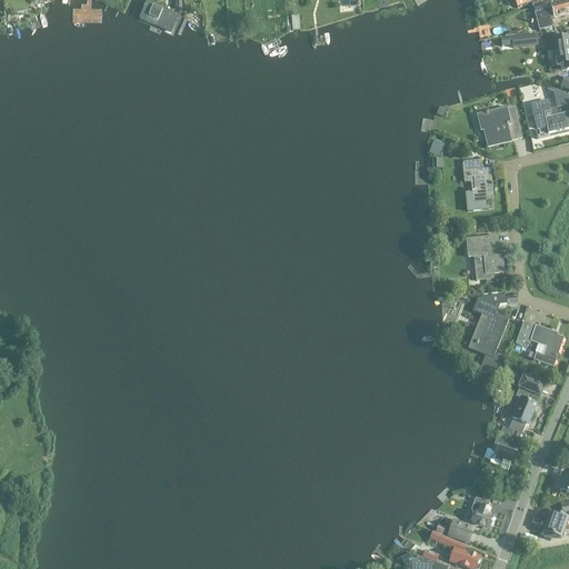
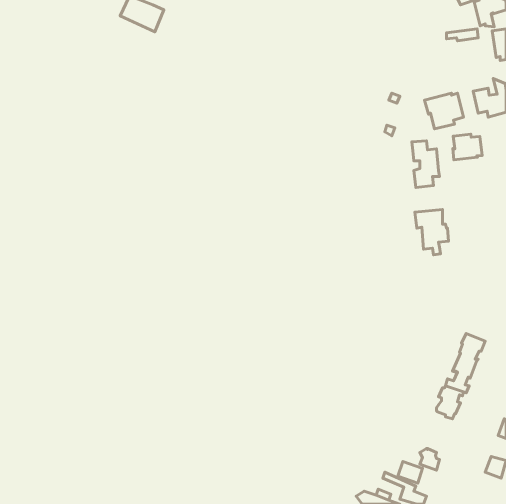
building: none -> [453,134,482,160]
building: [471,292,508,373] -> none
building: [515,320,562,365] -> none

